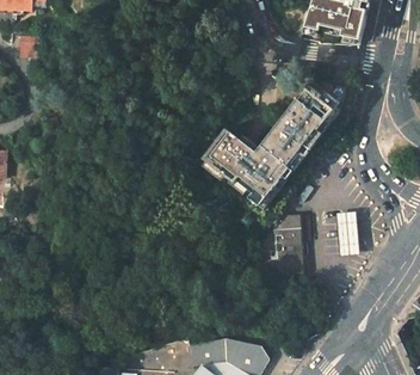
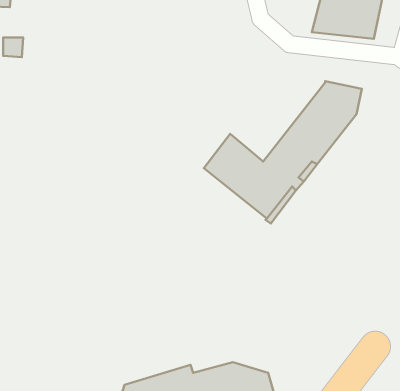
building: [334,211,358,256] -> none
building: [259,214,303,277] -> none

